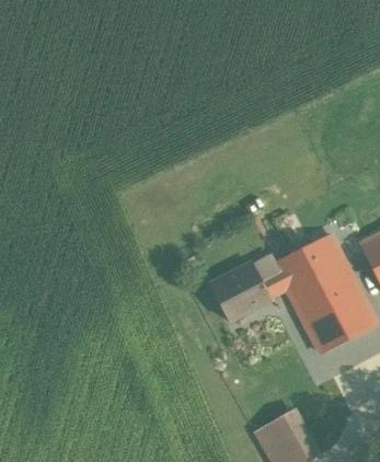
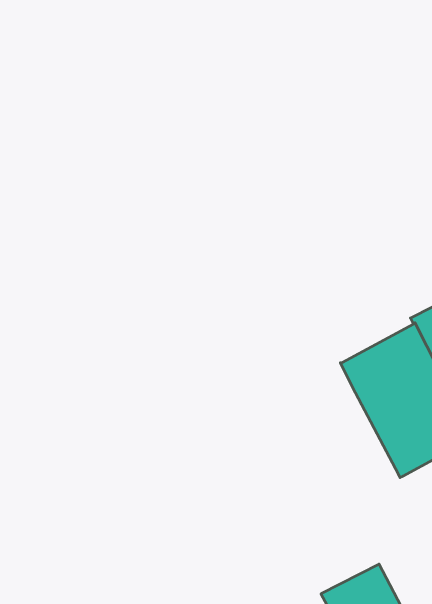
building: [208,255,286,322] -> none

